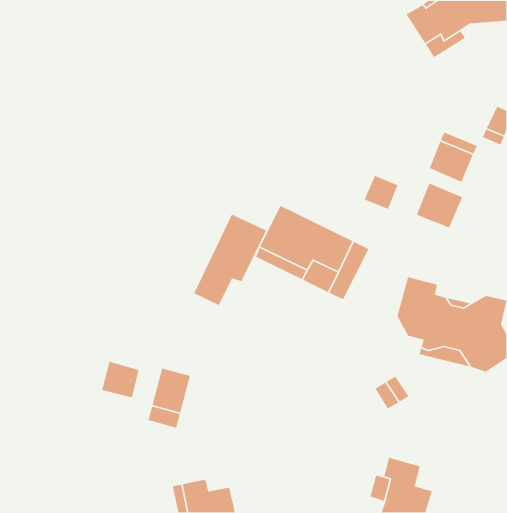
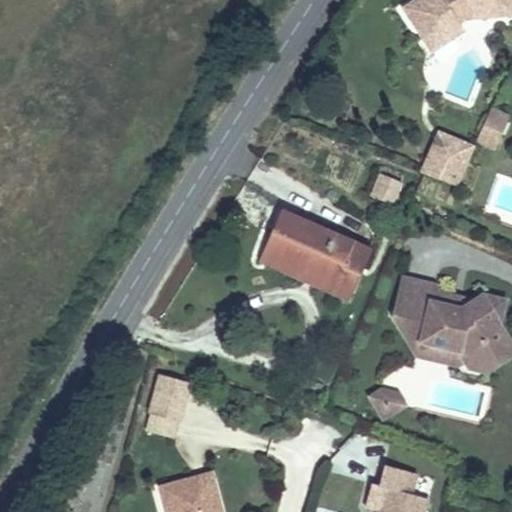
building: [416,183,463,229] -> none
building: [193,213,267,306] -> none
building: [101,361,140,398] -> none

